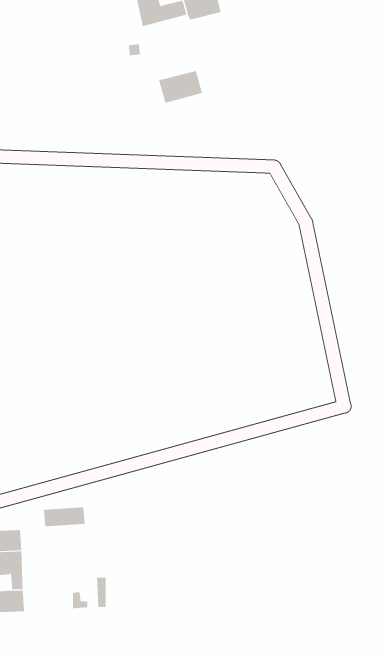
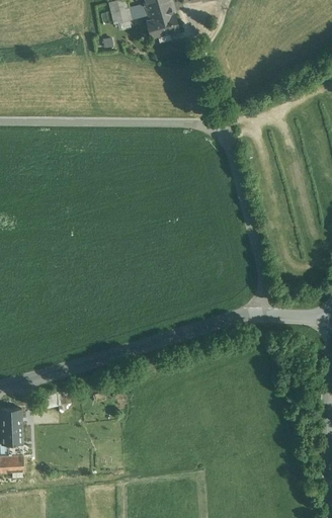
building: [158,71,203,104] -> [144,12,178,37]

